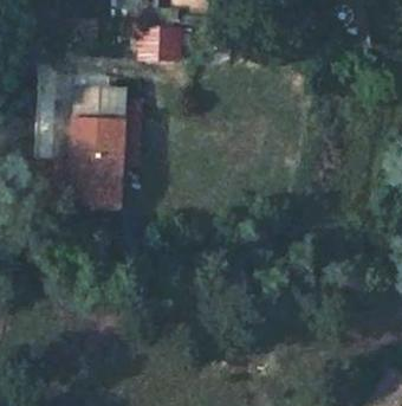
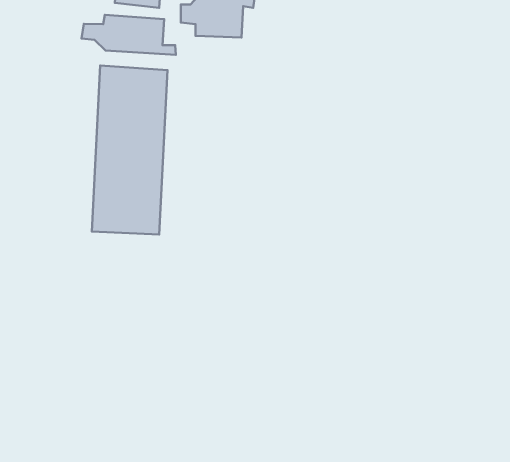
building: none -> [82,15,176,55]

